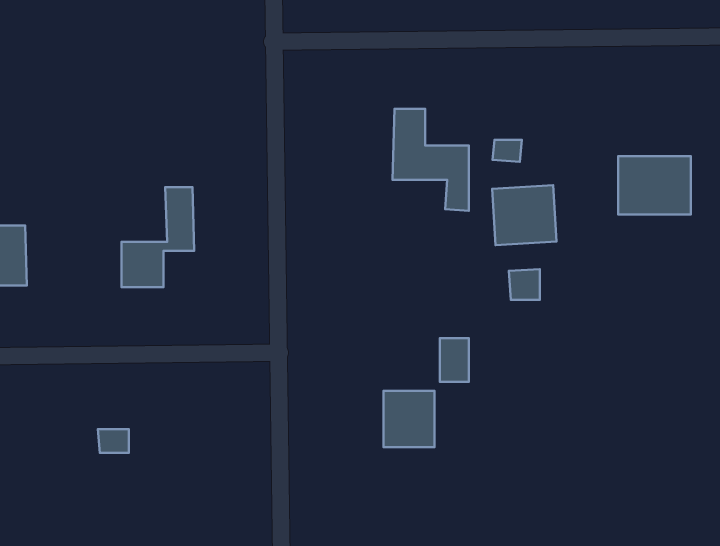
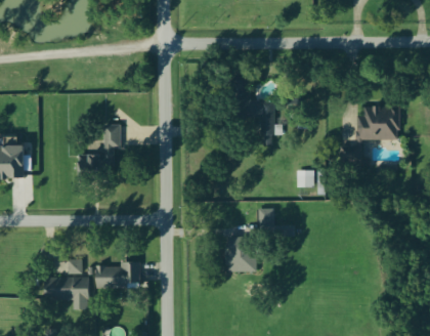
building: [492,185,557,245] -> none
building: none -> [96,264,135,288]
building: none -> [46,277,89,299]

